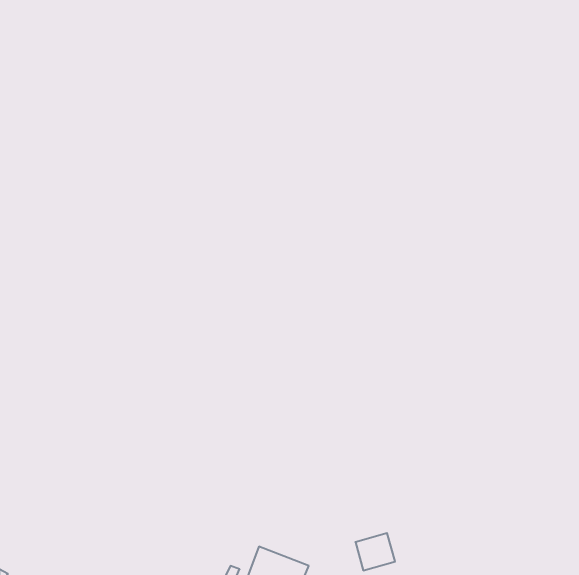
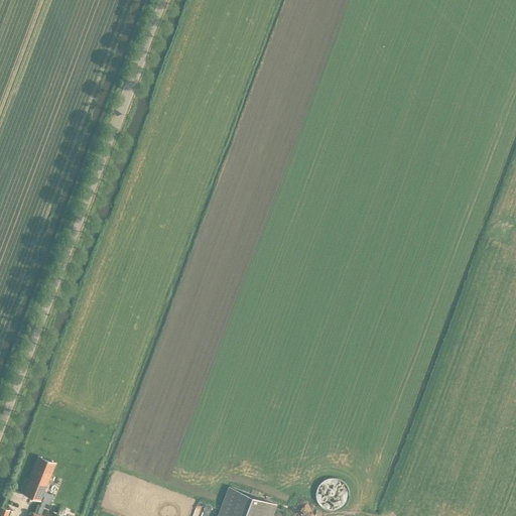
building: none -> [22,460,54,504]

